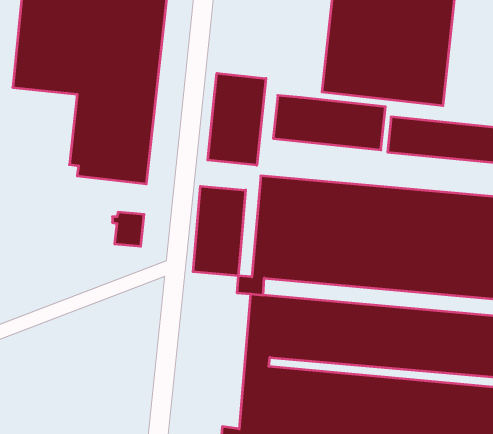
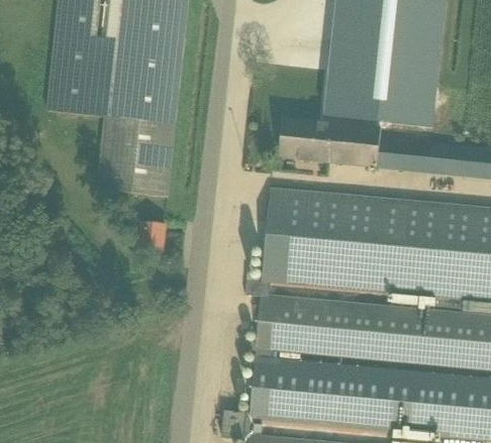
building: [208,73,266,165] -> none
building: [193,186,246,276] -> none

